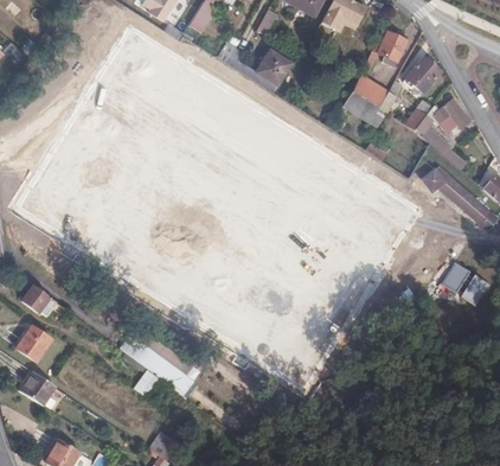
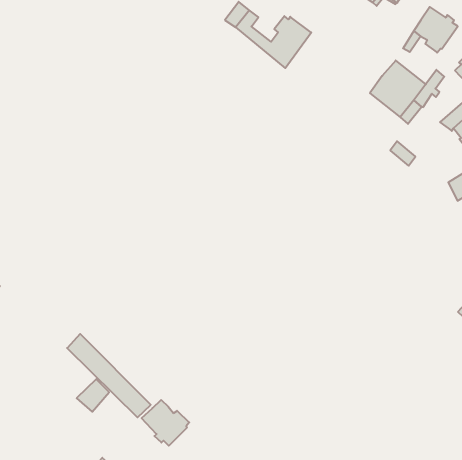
building: none -> [142,400,189,446]

